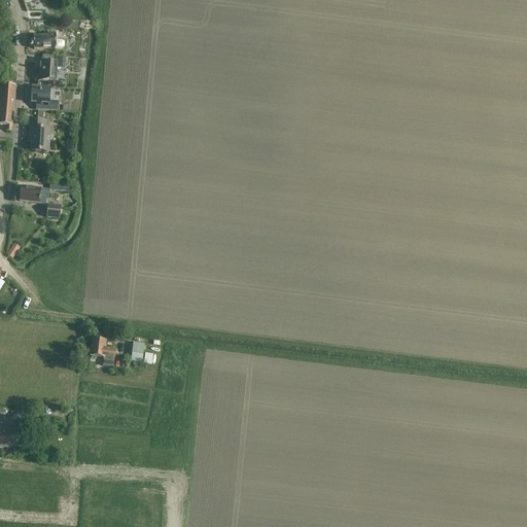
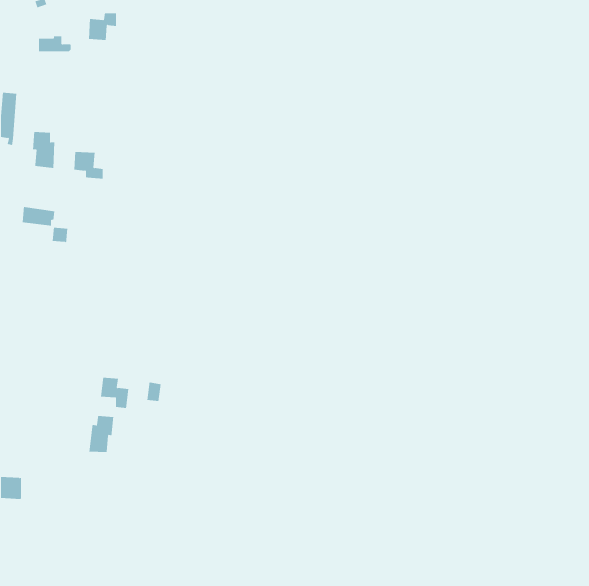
building: [39,55,65,79] -> [88,13,117,40]
building: [31,84,58,109] -> [73,151,103,179]
building: none -> [89,415,114,453]

